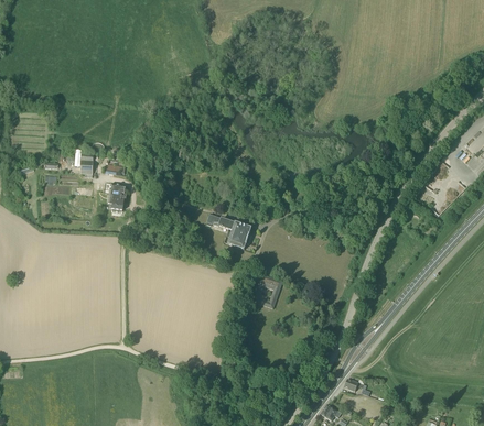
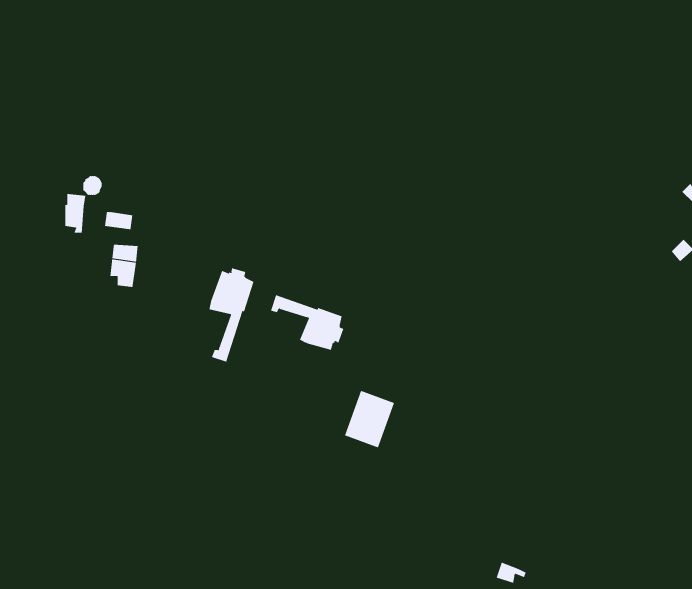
building: none -> [209,267,254,363]

